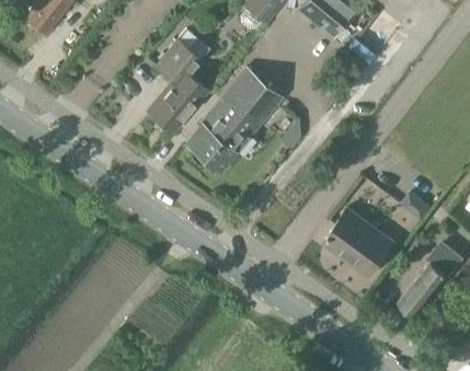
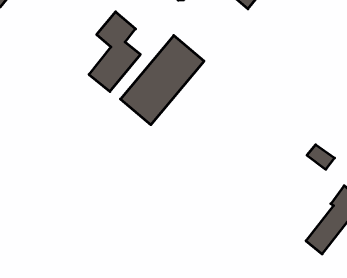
building: [322,208,392,273] -> none

